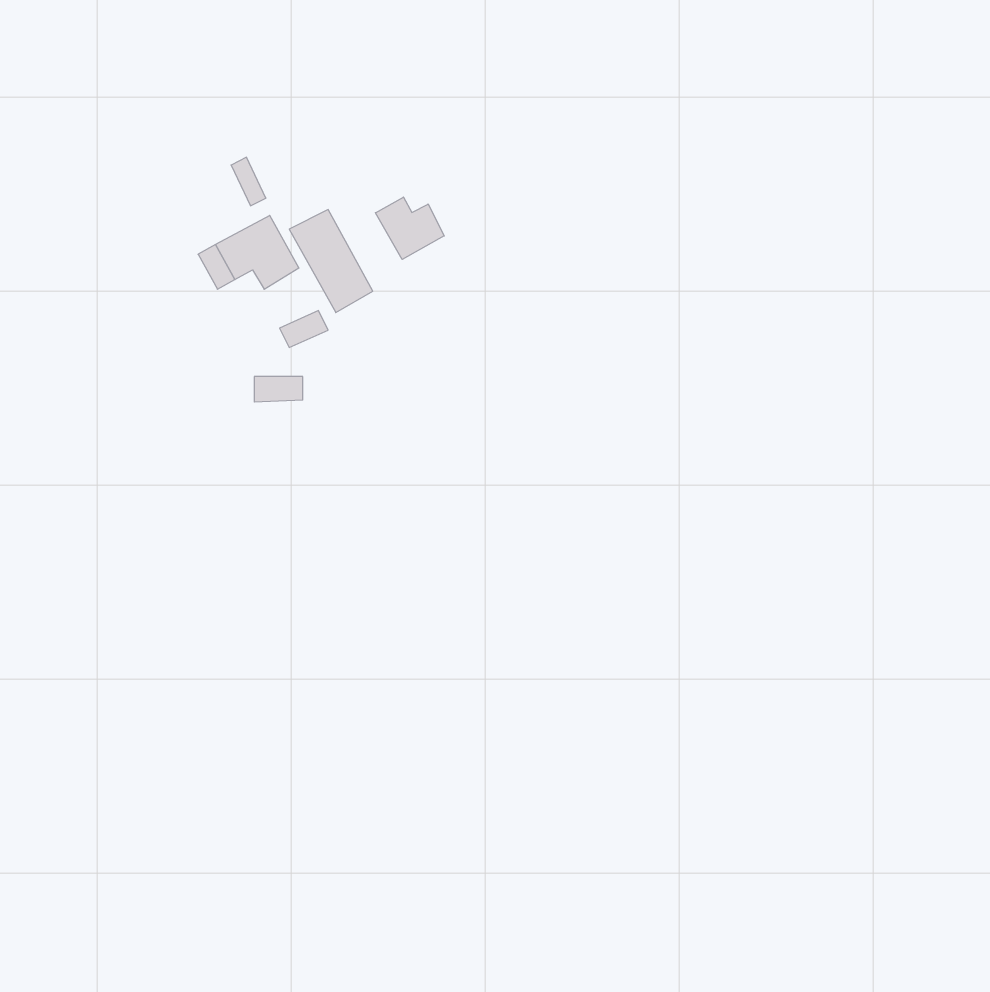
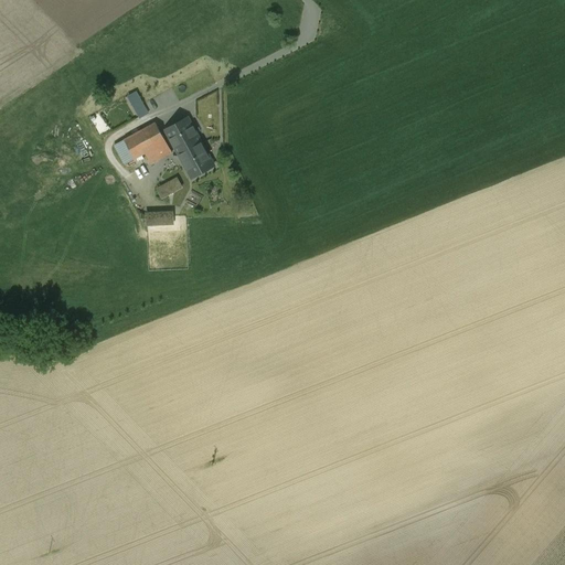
building: [375,197,444,259] -> none

